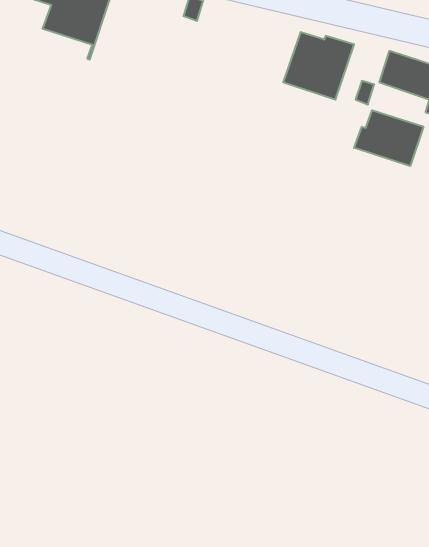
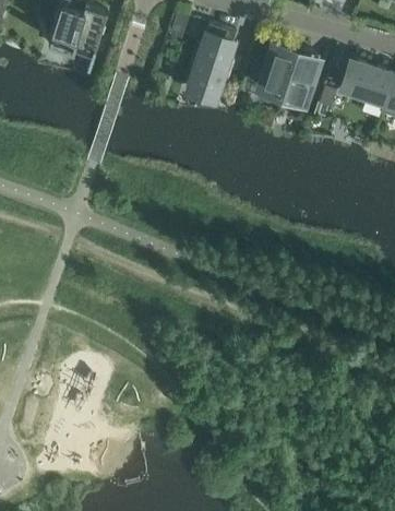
building: none -> [187,25,236,100]
building: [354,110,423,166] -> none

